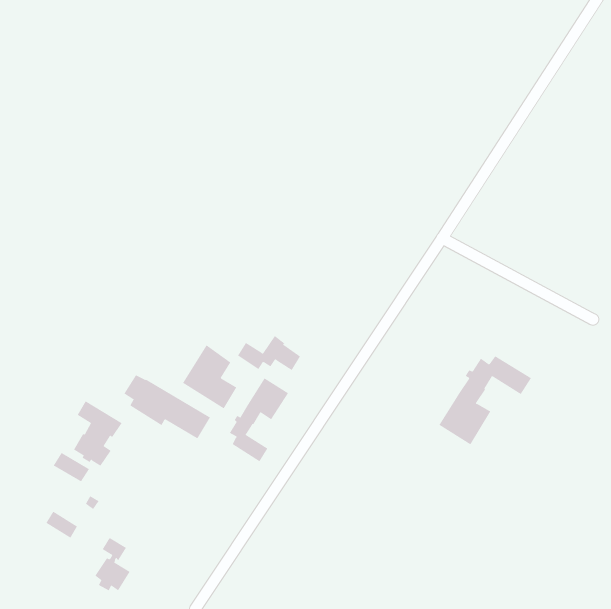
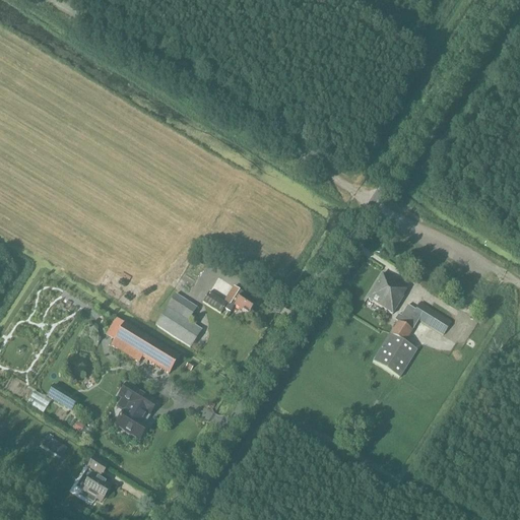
building: none -> [365,272,406,314]
building: [229,377,289,462] -> none
building: [73,401,122,466] -> [115,383,156,439]

